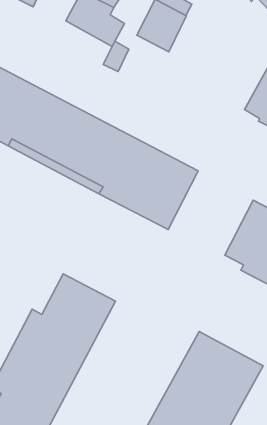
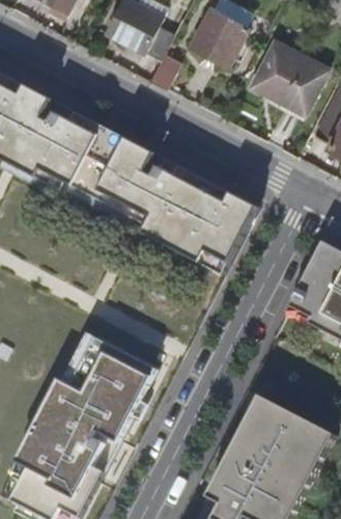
building: none -> [250,44,325,115]

